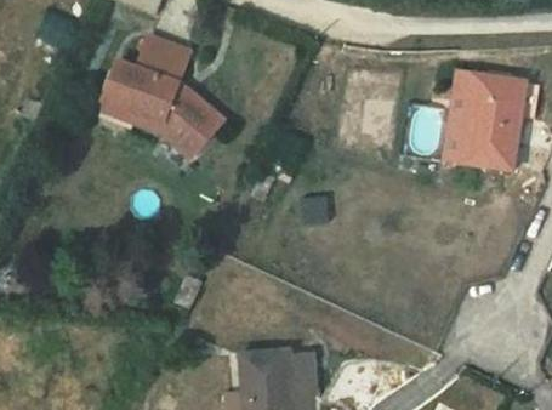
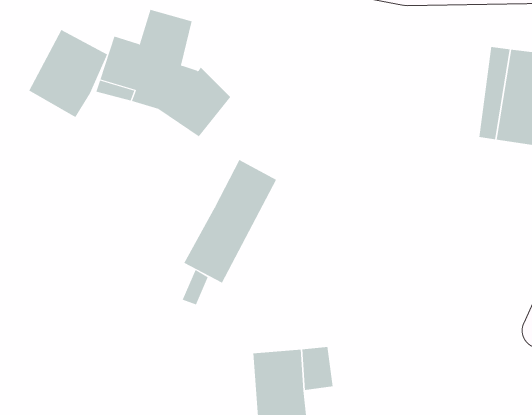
building: none -> [29,29,108,118]
building: none -> [184,159,277,284]

